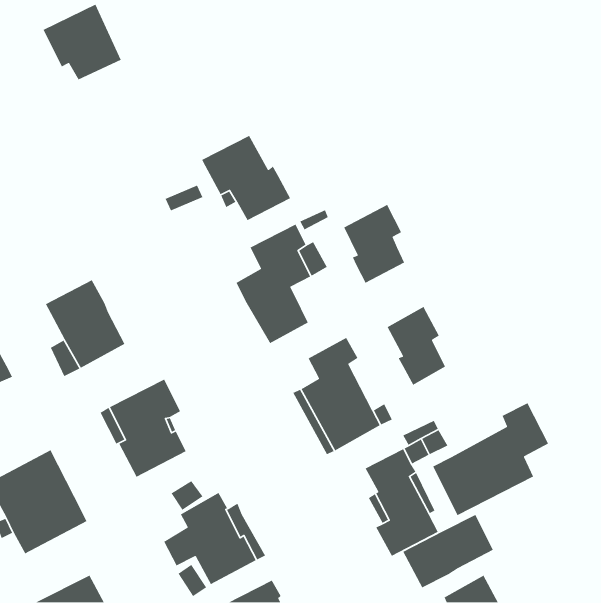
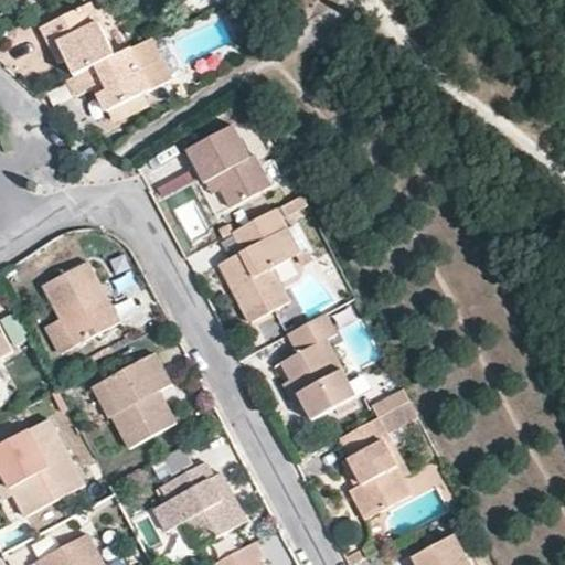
building: none -> [66,39,170,111]
building: [343,204,405,284] -> none
building: [387,306,446,386] -> none
building: [432,402,549,516] -> none
building: [402,514,494,589] -> none

